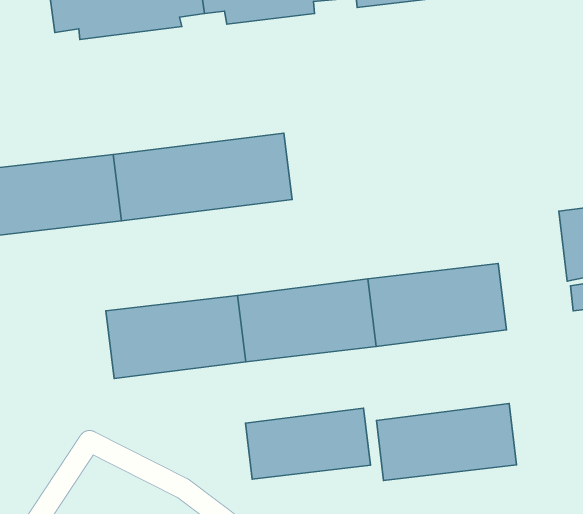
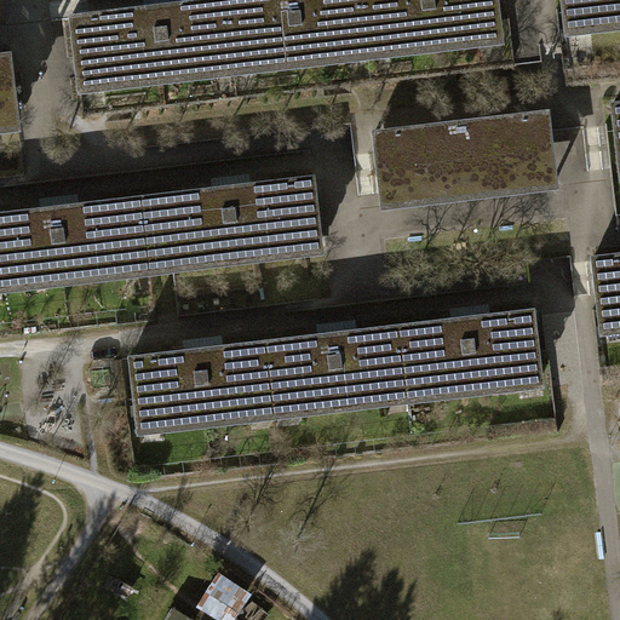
building: none -> [374,114,556,203]
building: [376,404,517,481] -> none
building: [245,408,370,479] -> none

